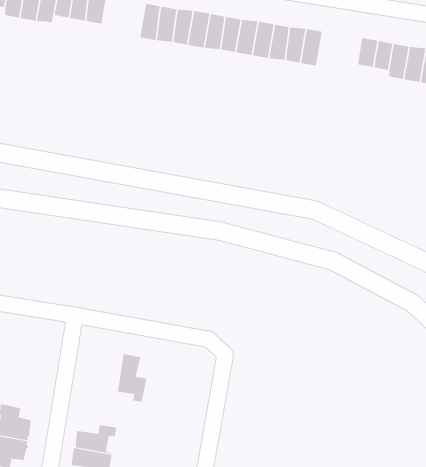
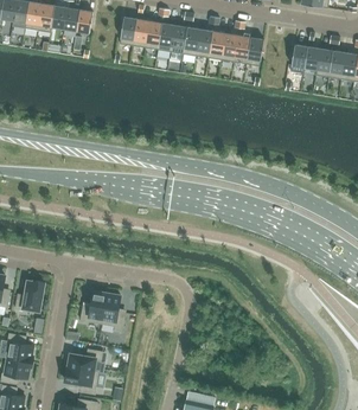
building: none -> [14,281,43,310]
building: none -> [79,292,106,323]

